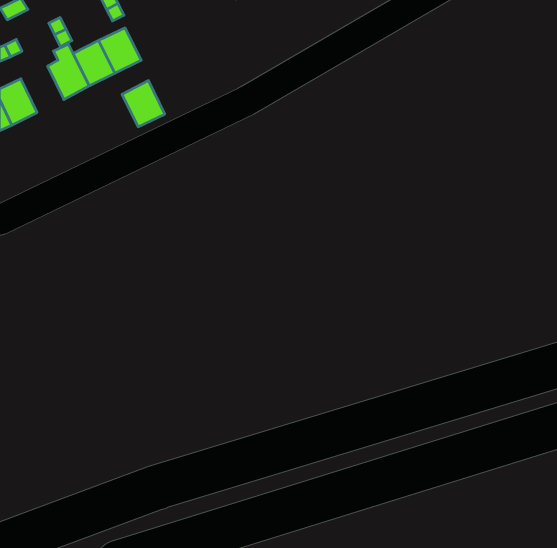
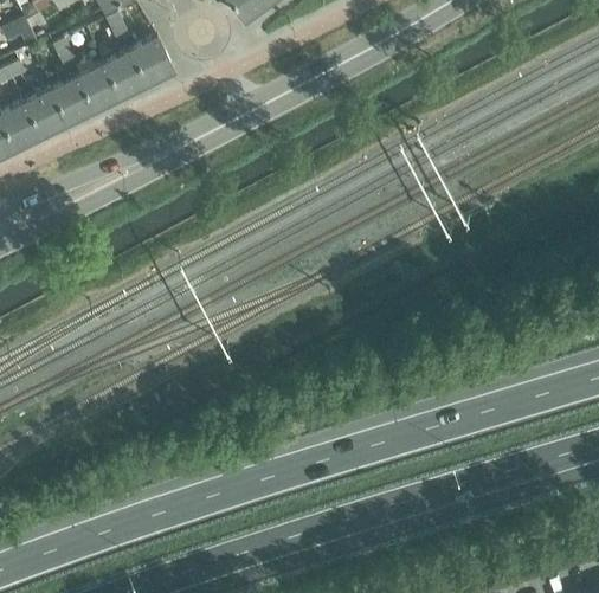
building: none -> [24,90,67,137]
building: [122,81,165,127] -> [130,37,174,84]

